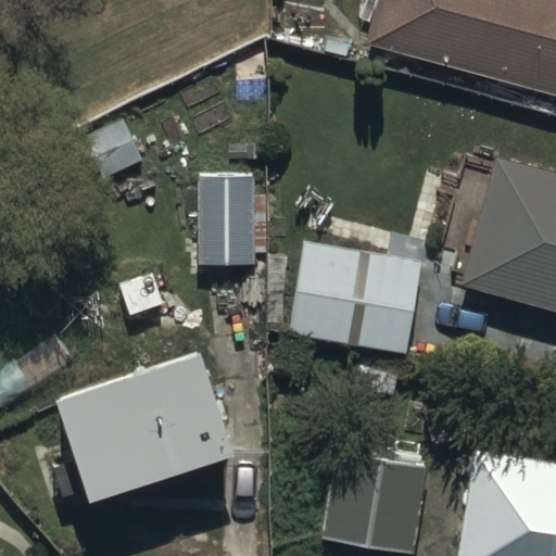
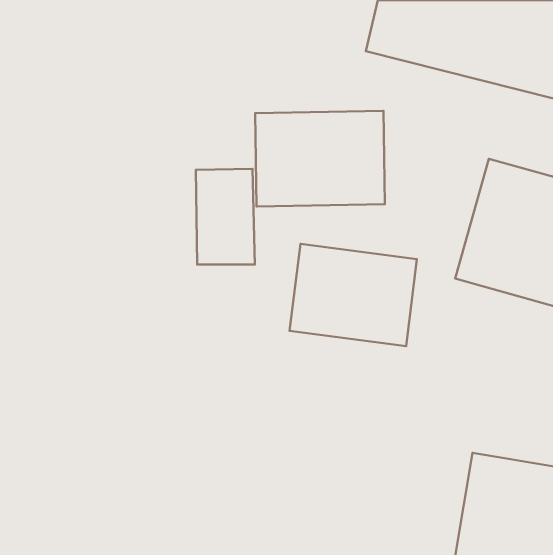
building: none -> [255,111,385,207]
building: [43,354,232,504] -> none
building: [325,444,428,551] -> none

